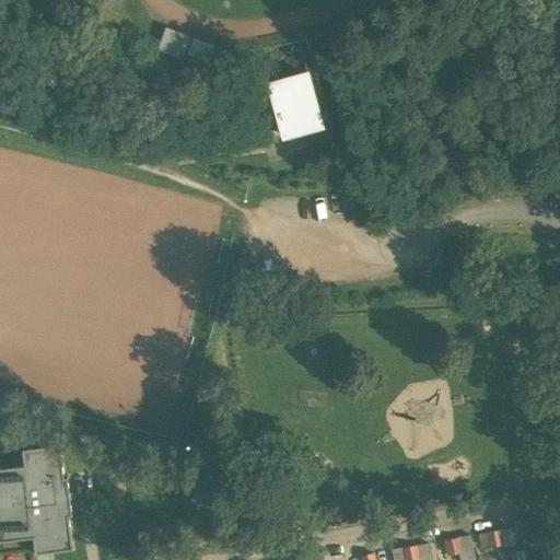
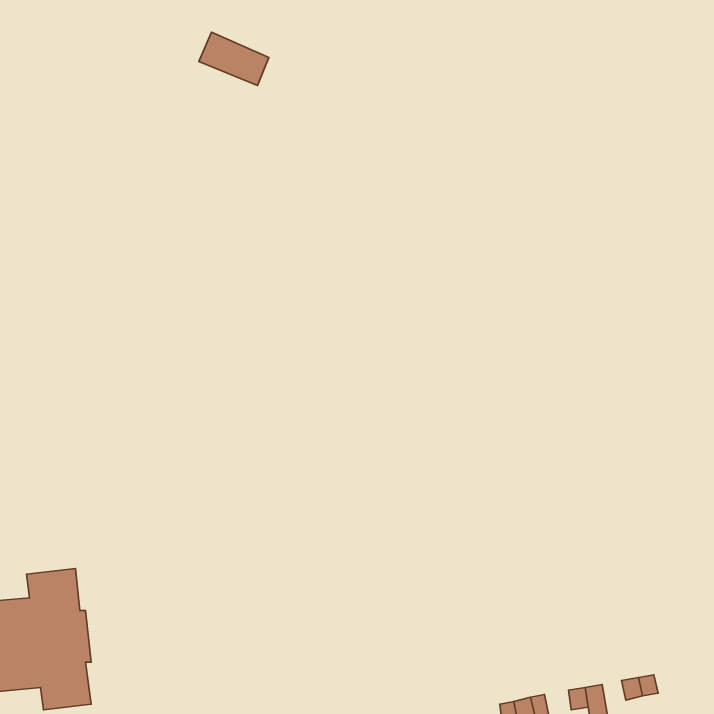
building: [266,71,324,140] -> none

